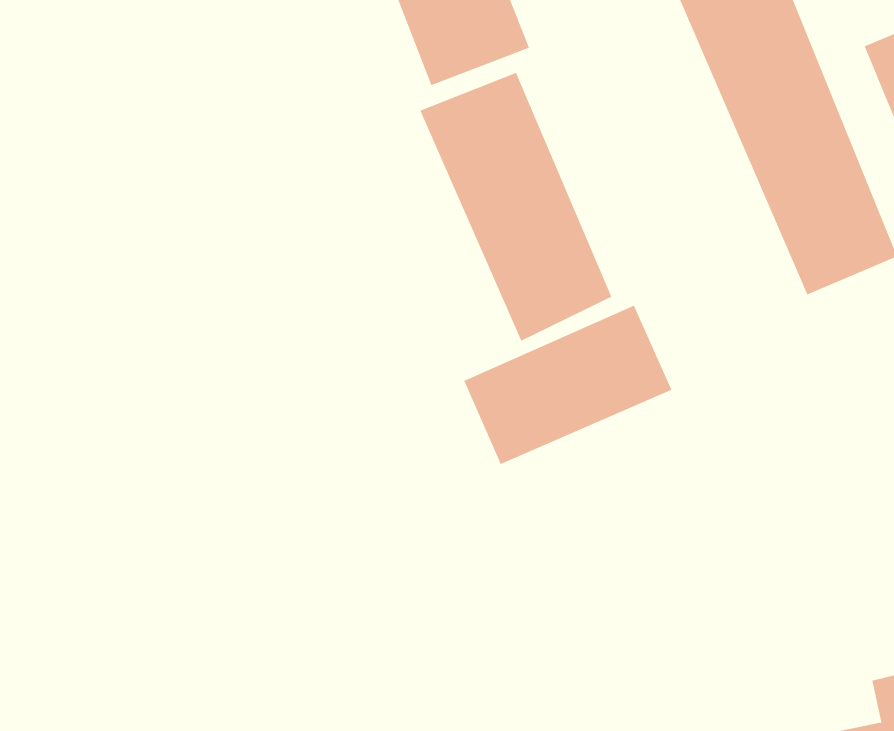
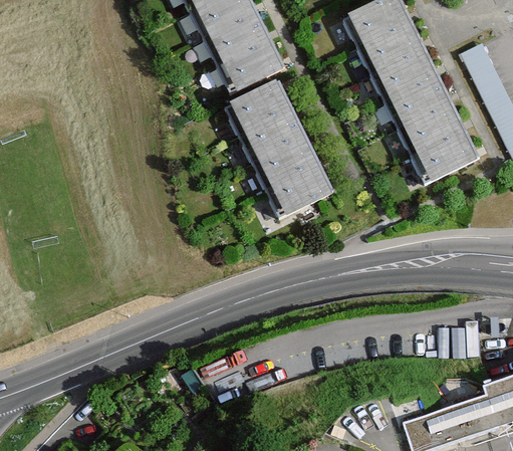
building: [464,305,672,465] -> none

